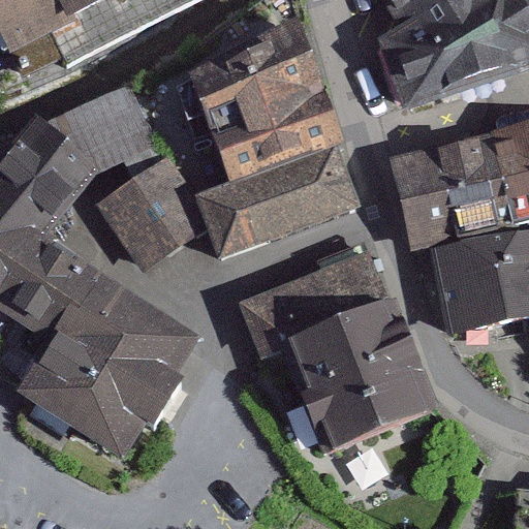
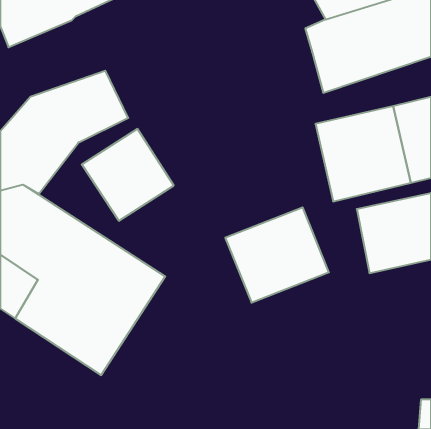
building: [193,23,345,180] -> none
building: [198,150,363,257] -> none
building: [308,334,434,450] -> none

